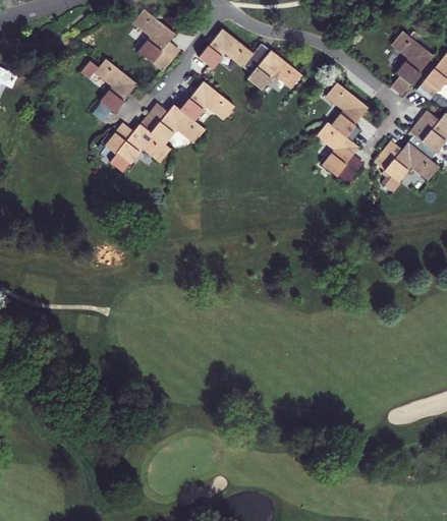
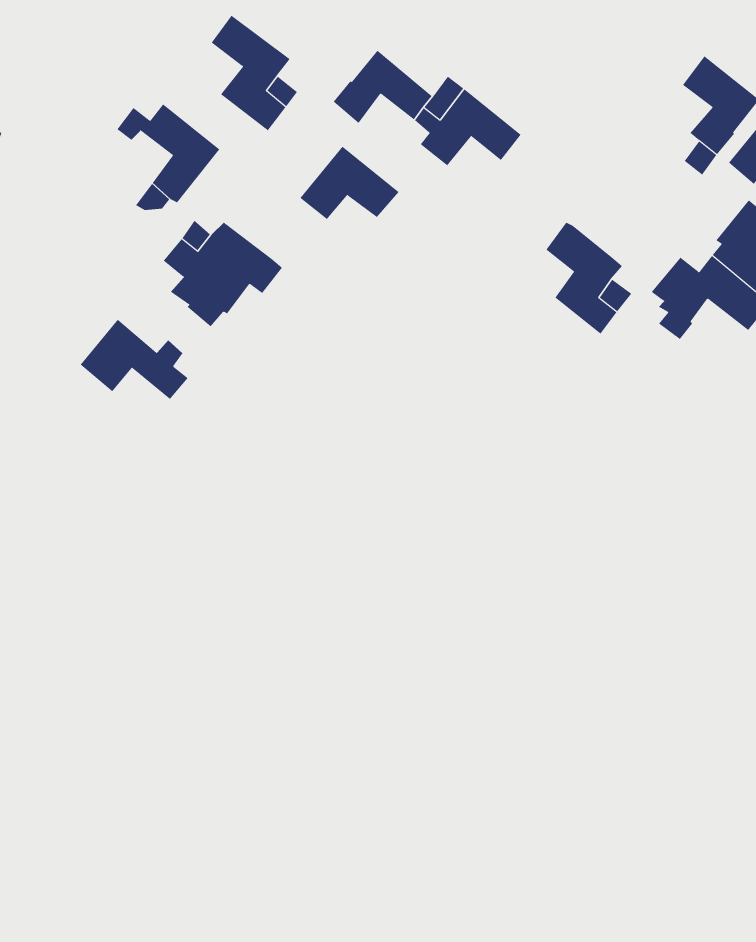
building: [325,83,369,142] -> none
building: [139,103,206,144] -> none
building: none -> [80,319,188,400]

